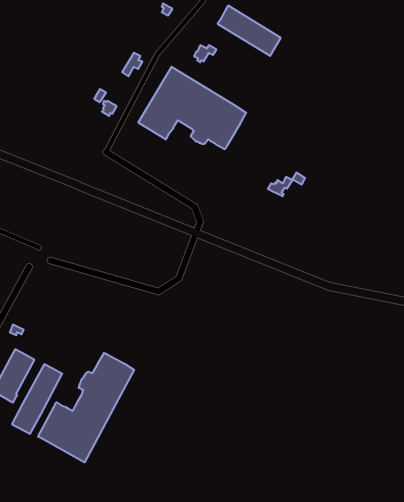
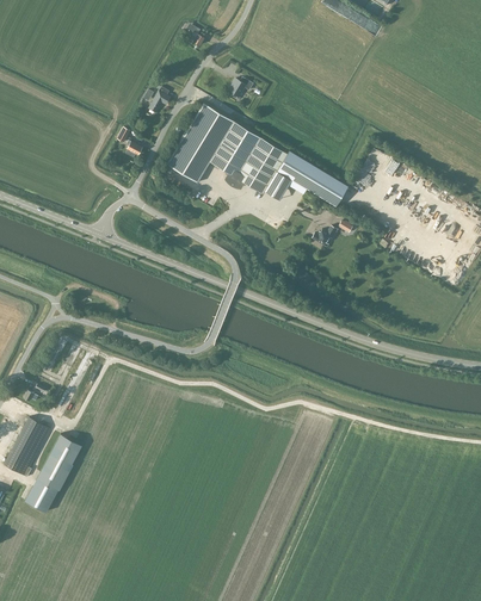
building: [218,6,281,56] -> [277,150,347,206]
building: [38,353,134,462] -> none

